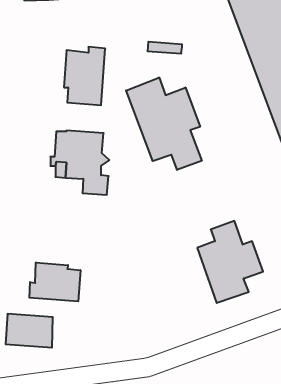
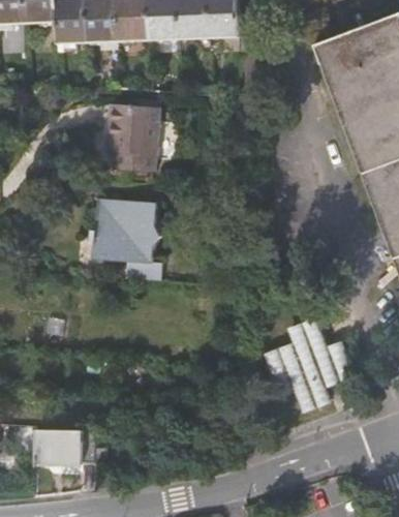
building: [126,77,202,170] -> none
building: [29,262,80,301] -> none

